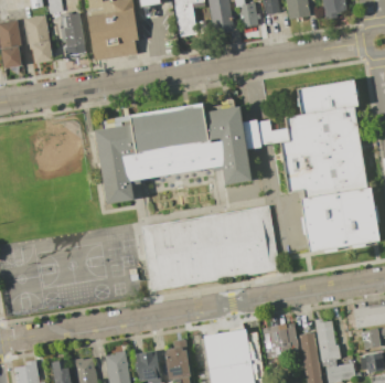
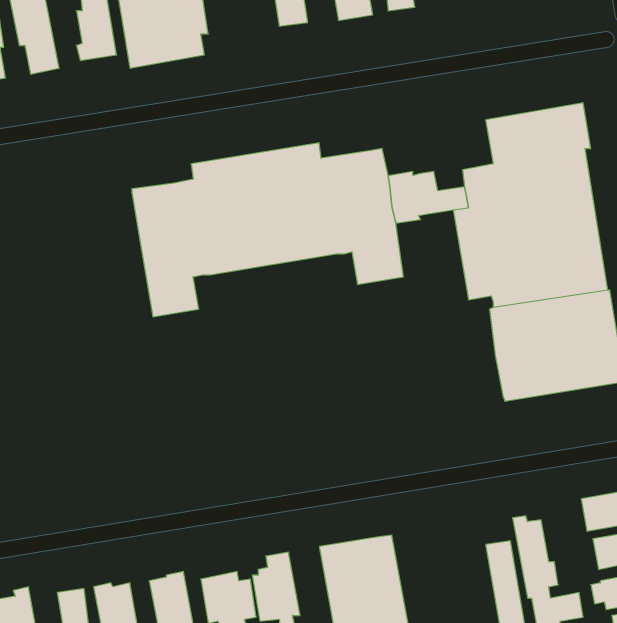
building: [143,205,280,291] -> none
building: [263,322,299,357] -> none

